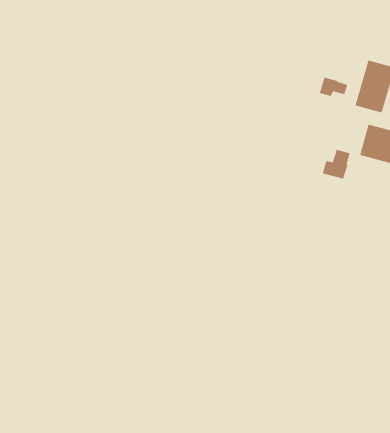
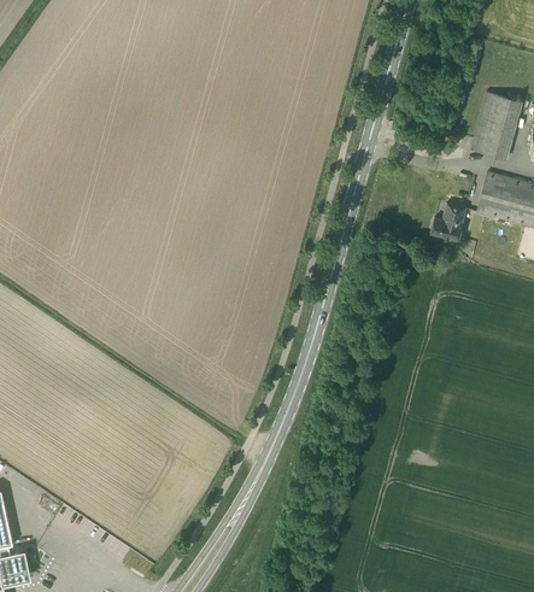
building: [319,77,348,97] -> none

